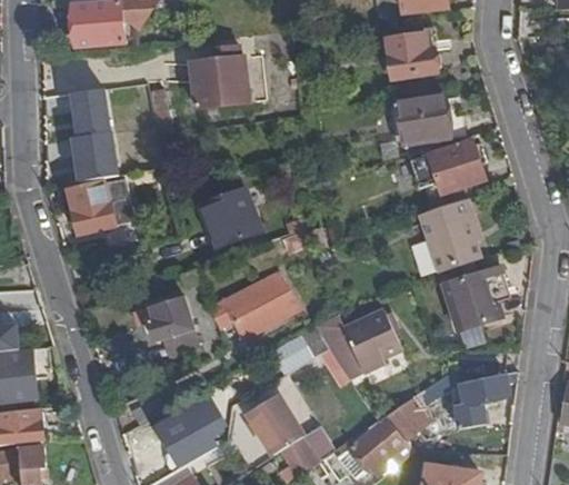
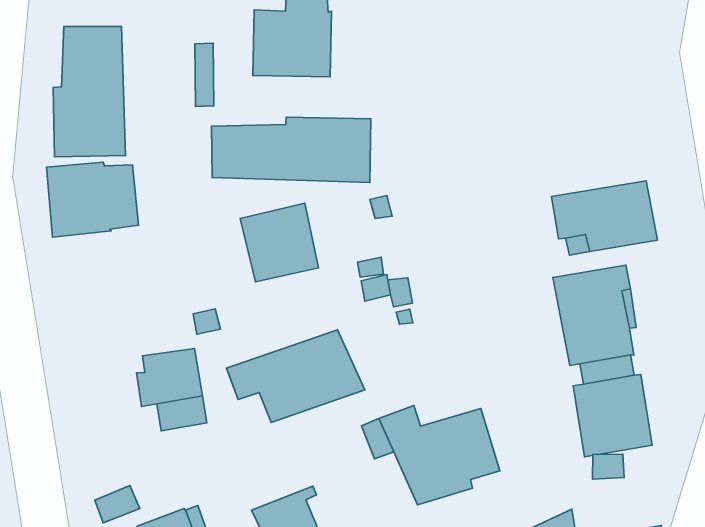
building: [386,34,440,79] -> none
building: [395,95,450,145] -> none
building: none -> [212,117,371,182]

